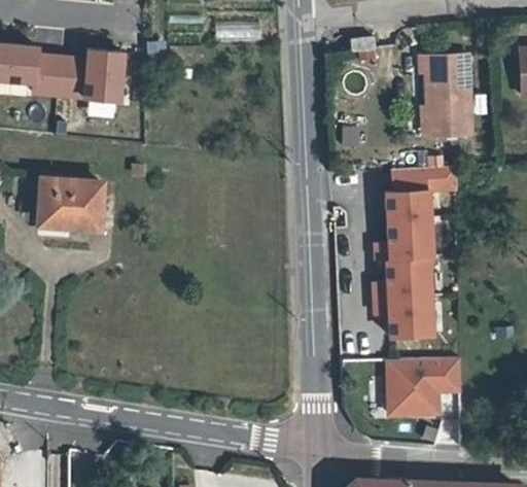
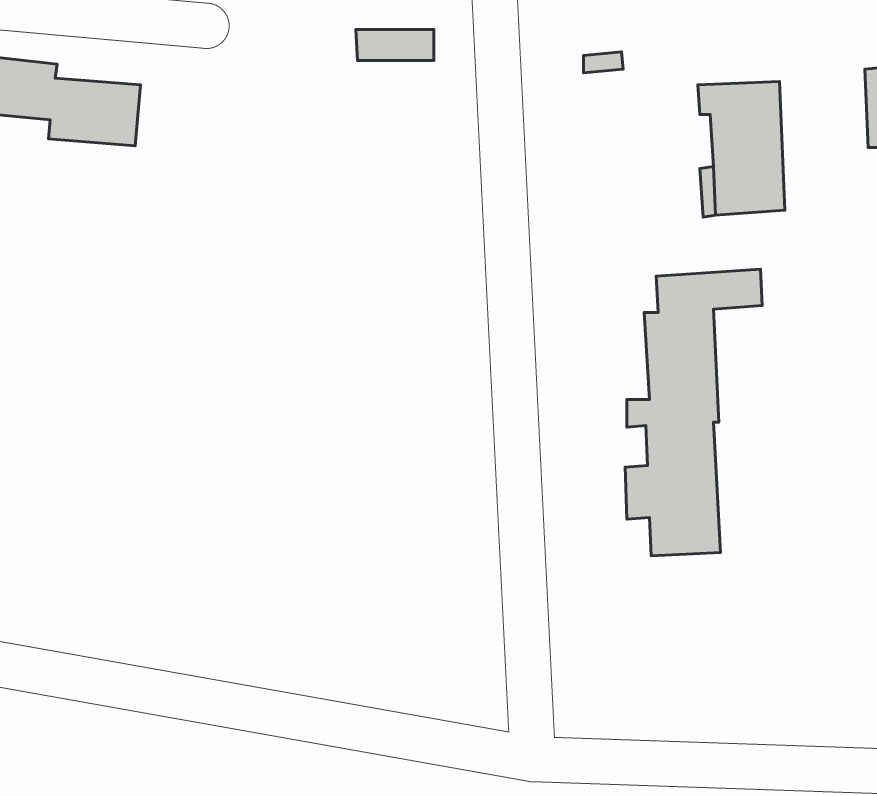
building: [85,47,124,108] -> none
building: [37,176,100,224] -> none
building: [394,358,467,415] -> none

